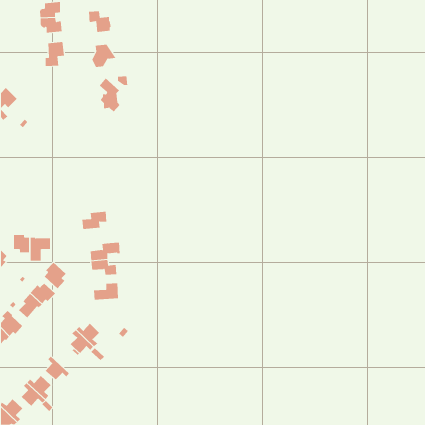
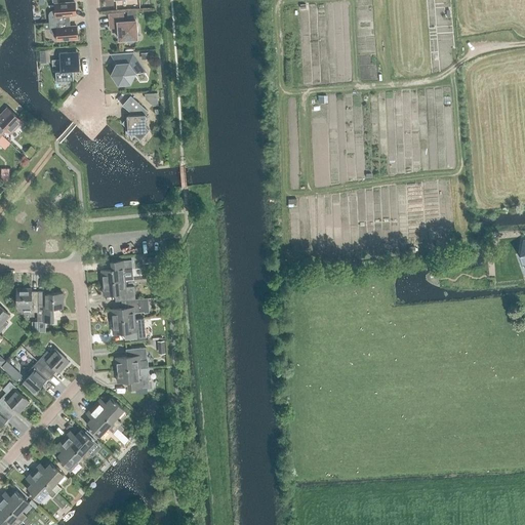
building: none -> [102,281,134,300]
building: [44,262,66,289] -> none
building: none -> [116,368,149,391]
building: none -> [63,431,93,460]

